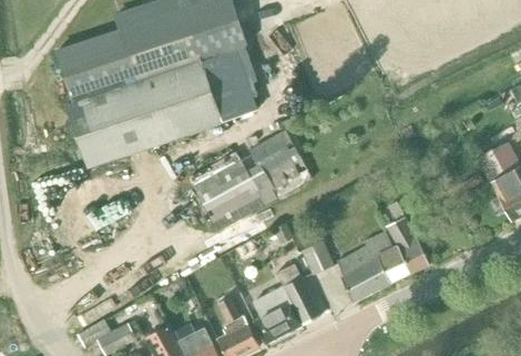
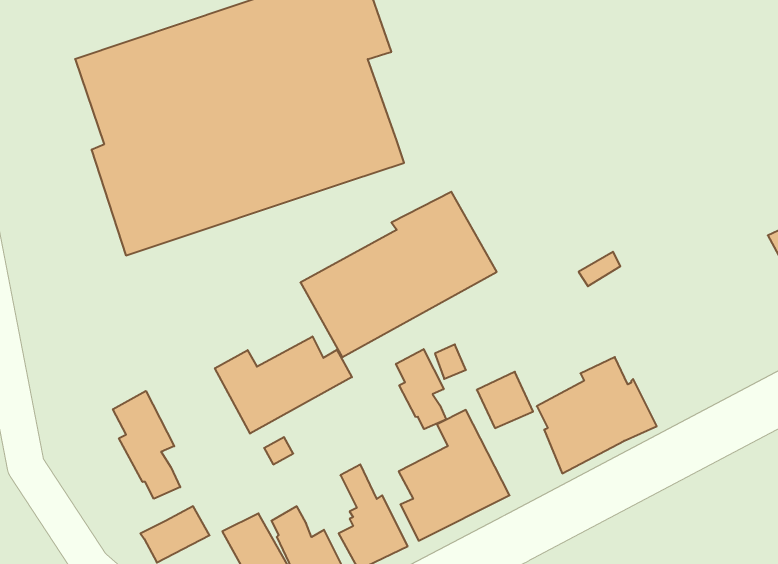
building: [386,202,428,272] -> none
building: none -> [215,336,352,434]
building: none -> [396,349,446,429]
building: none -> [113,391,180,499]

